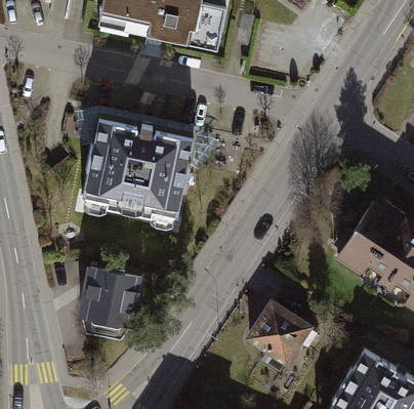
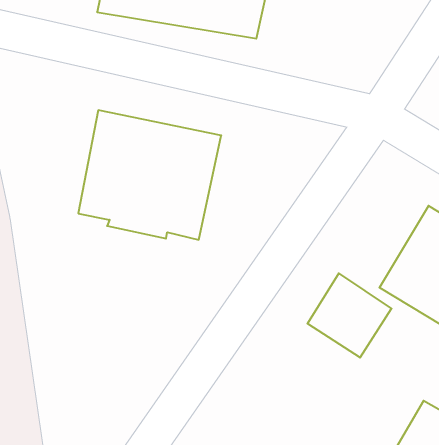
building: [77,264,148,340] -> none
building: [239,293,307,362] -> [307,273,392,358]

